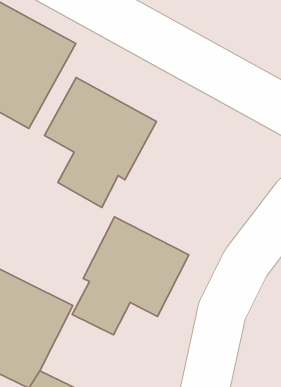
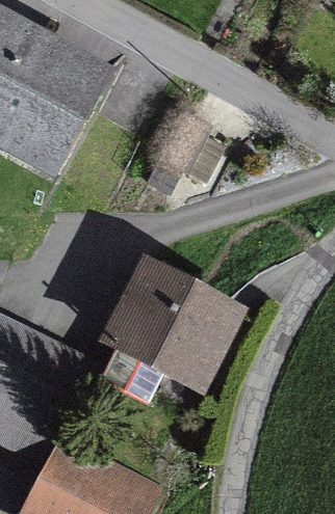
building: [45,78,157,207] -> none

